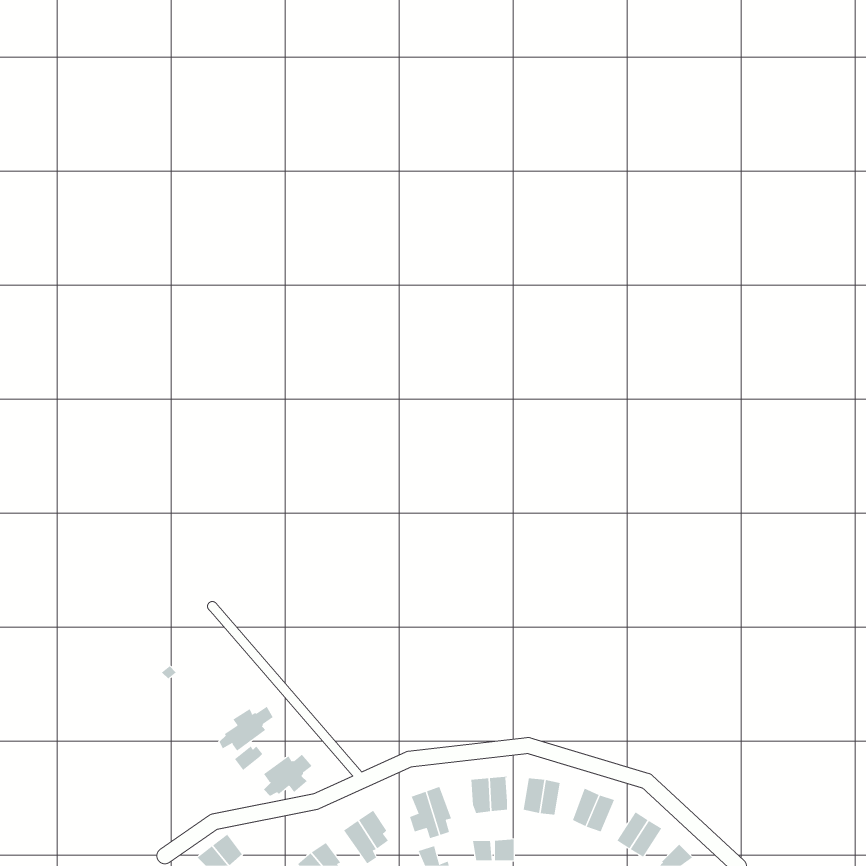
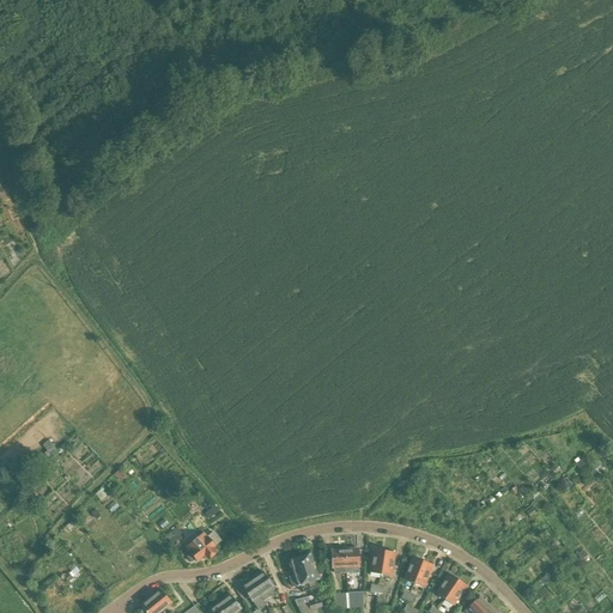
building: [219,706,274,752] -> none

